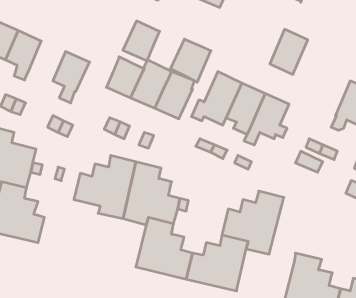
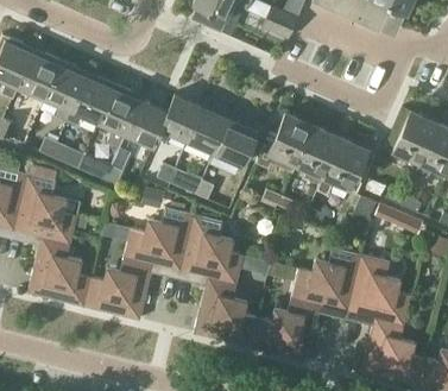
building: [123,21,160,61] -> [126,101,168,146]
building: [270,29,308,74] -> [393,111,436,162]
building: [171,39,211,82] -> none
building: none -> [68,77,114,124]
building: none -> [345,254,410,326]
building: none -> [83,257,153,320]

